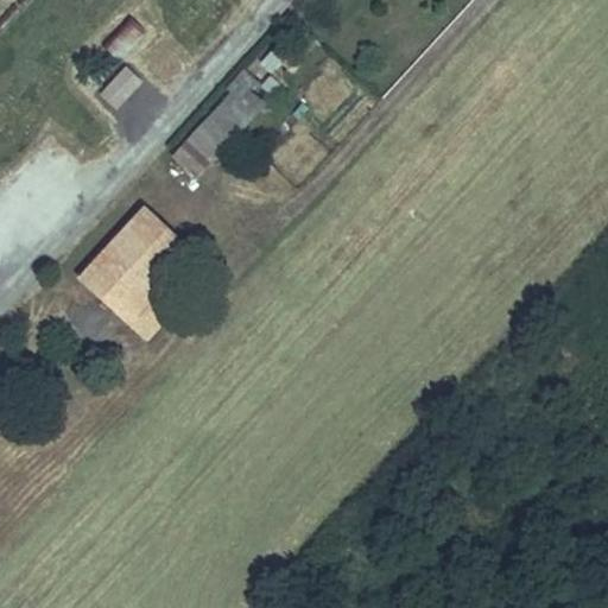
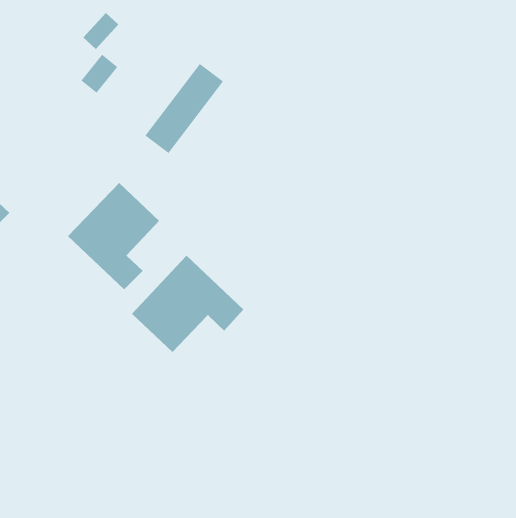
building: none -> [131,255,244,353]

